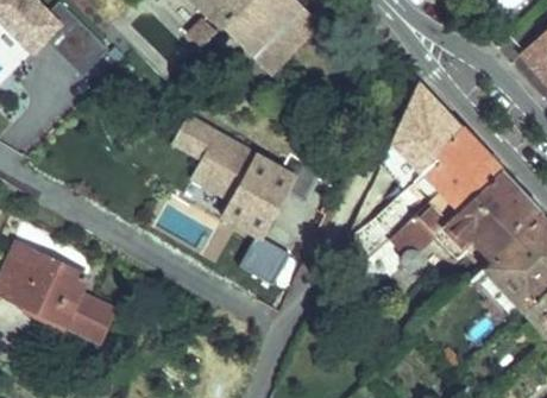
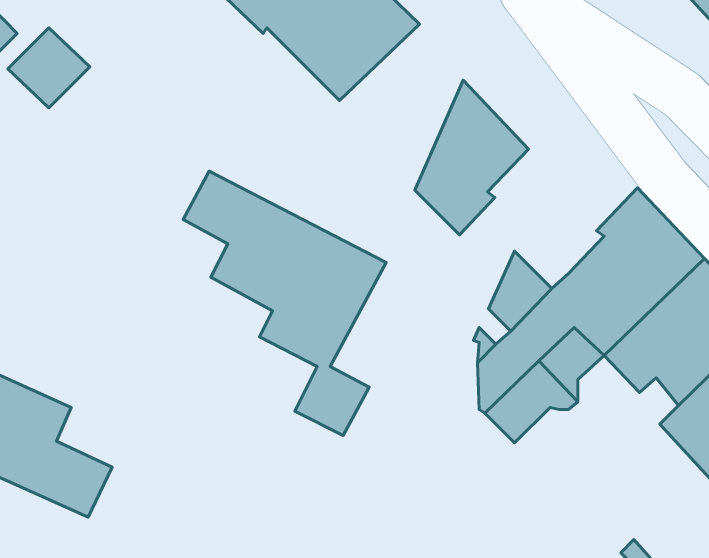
building: [386,81,459,179] -> [415,80,528,235]

